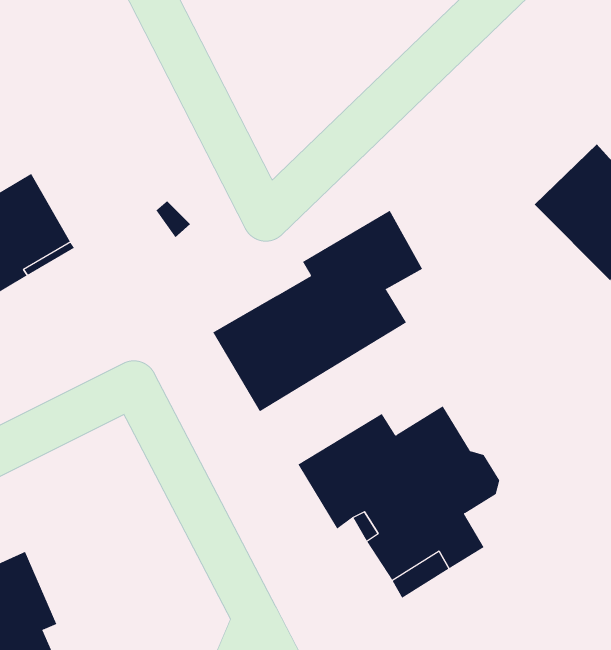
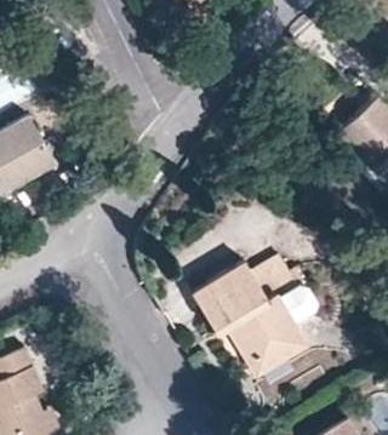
building: [213,210,423,412] -> none

